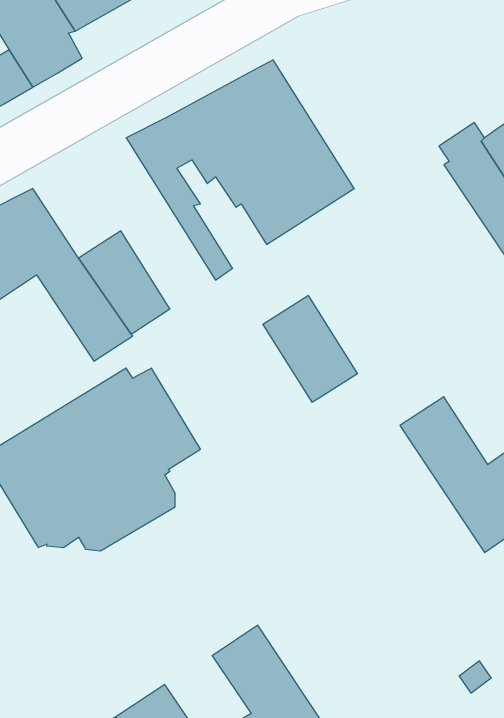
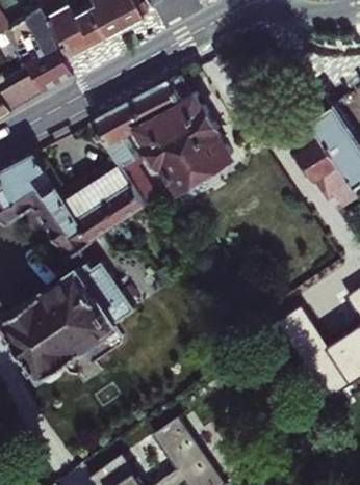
building: [263,296,358,402] -> [91,165,149,231]

